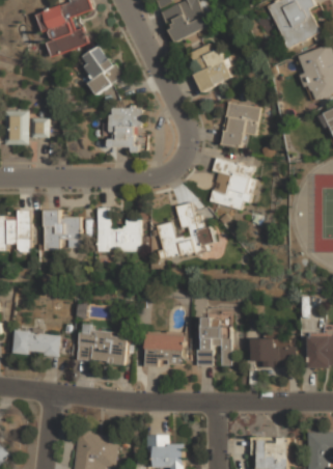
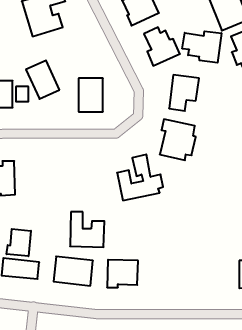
building: [80,44,121,91] -> [26,60,59,99]
building: none -> [182,31,221,63]
building: [96,208,139,251] -> [70,212,104,247]
building: [44,210,80,250] -> none
building: none -> [7,229,31,256]
building: [197,318,230,365] -> none
building: [251,338,296,367] -> none

